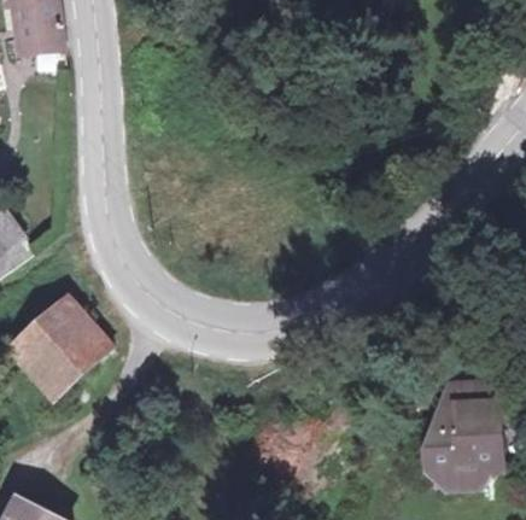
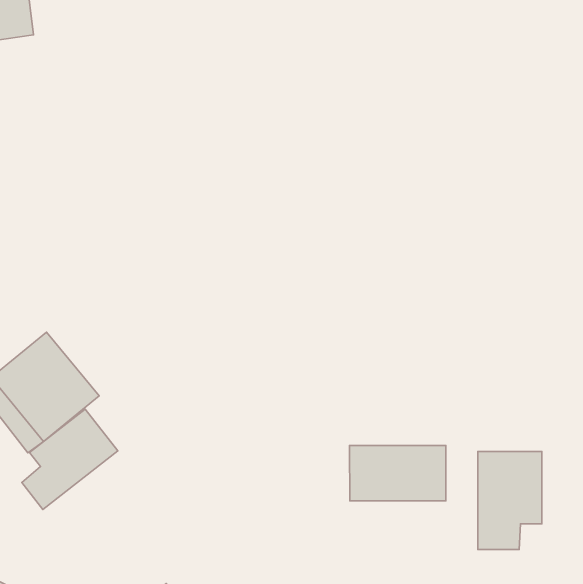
building: none -> [22,409,118,510]
building: none -> [350,446,446,501]

